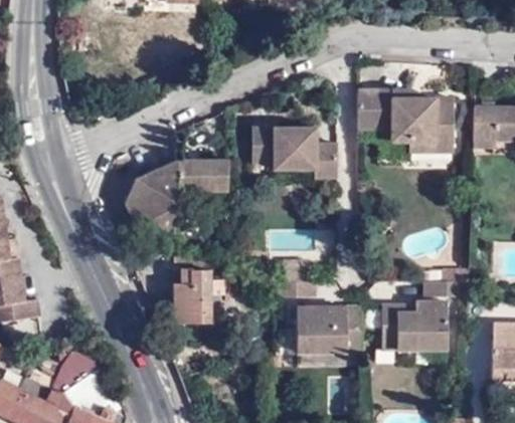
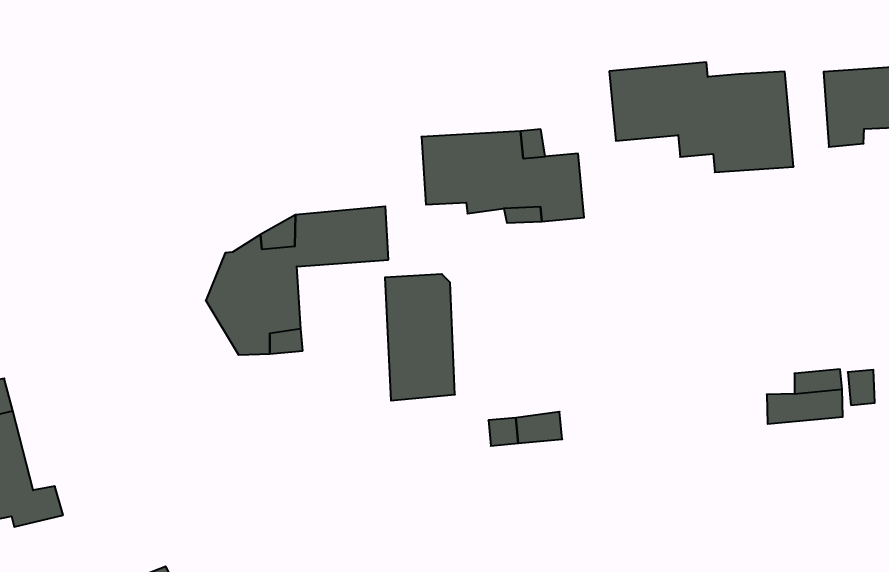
building: [174,255,212,323] -> [385,274,455,401]
building: [379,301,445,350] -> none
building: [294,308,360,354] -> none

